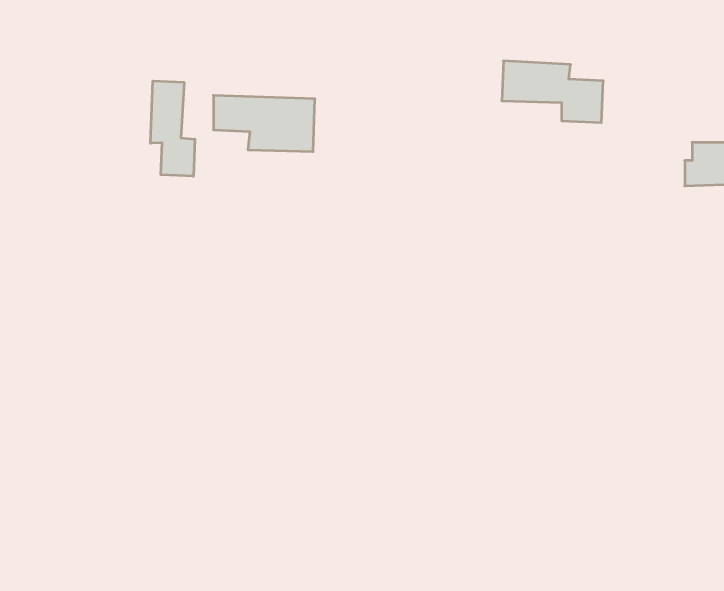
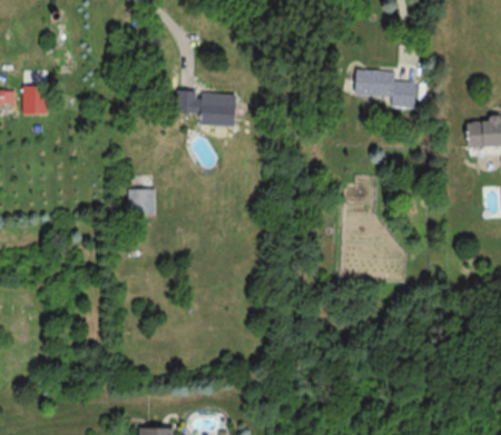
building: [151,81,195,176] -> none
building: none -> [126,189,155,215]

